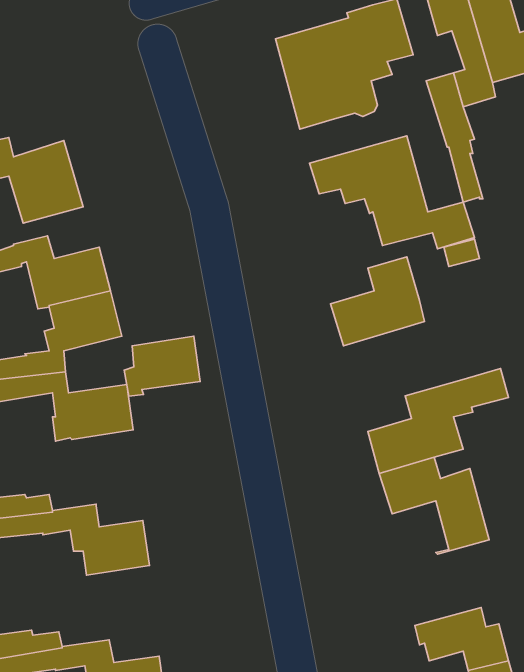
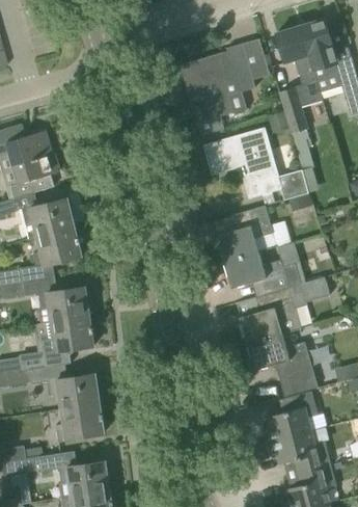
building: none -> [224,251,300,294]
building: [124,336,200,396] -> [45,316,93,354]
building: none -> [267,391,318,442]
building: none -> [54,403,104,442]

